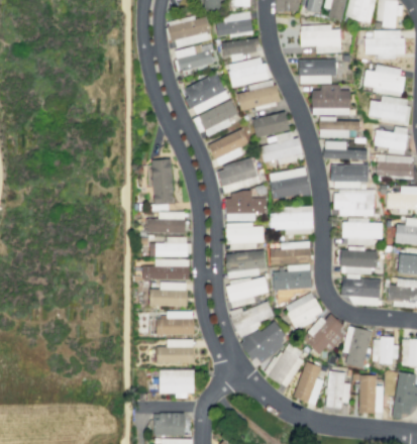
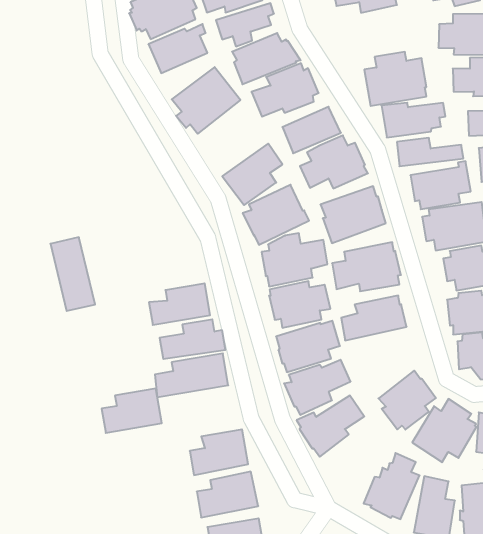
building: [299,60,337,84] -> none
building: [193,99,238,139] -> none
building: [152,158,175,205] -> [50,237,95,311]
building: [274,263,312,291] -> none
building: [150,283,188,306] -> [102,389,162,433]
building: [240,321,287,363] -> none

